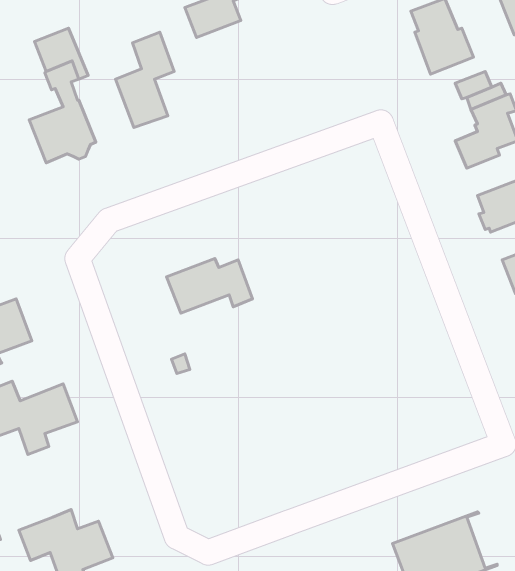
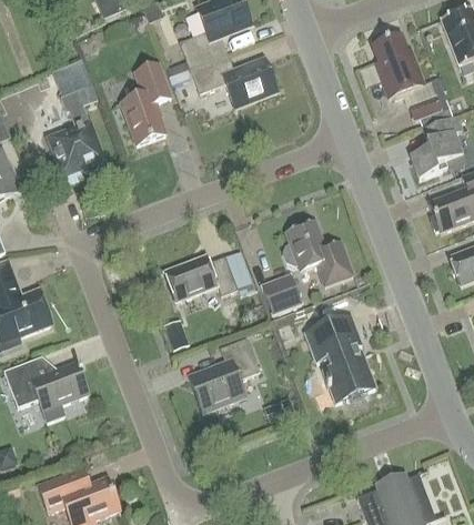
building: none -> [190,53,278,107]
building: none -> [282,221,353,284]
building: none -> [260,280,303,317]
building: none -> [305,314,375,405]
building: none -> [189,337,260,412]

